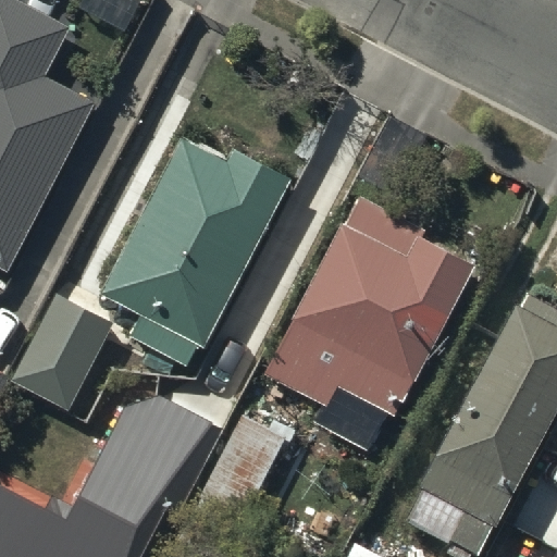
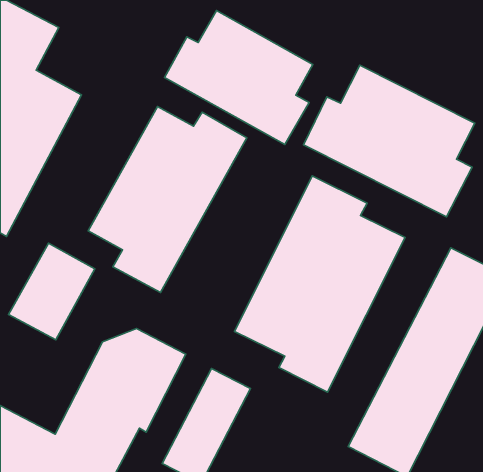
building: none -> [165,10,313,145]
building: none -> [304,65,475,217]

